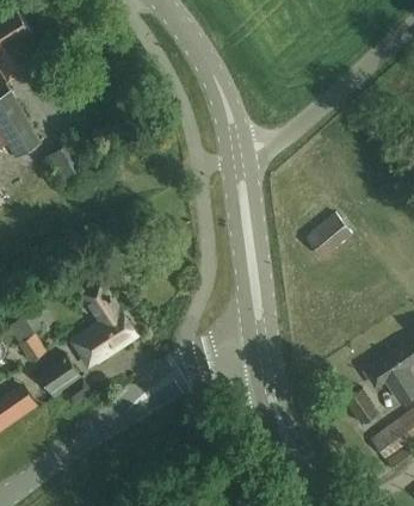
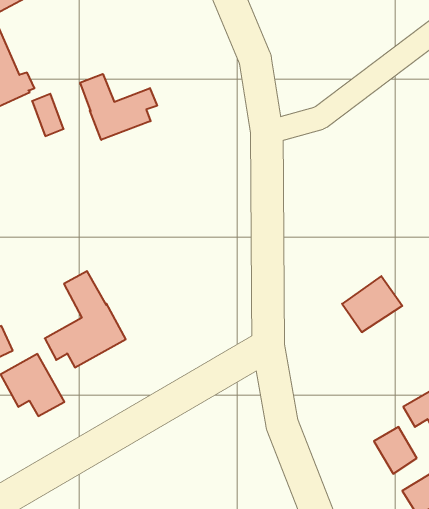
building: none -> [80,74,157,140]
building: [304,212,353,259] -> [342,276,402,332]

